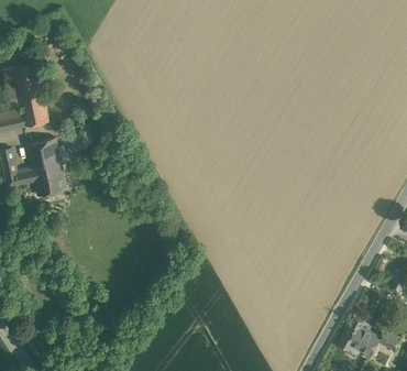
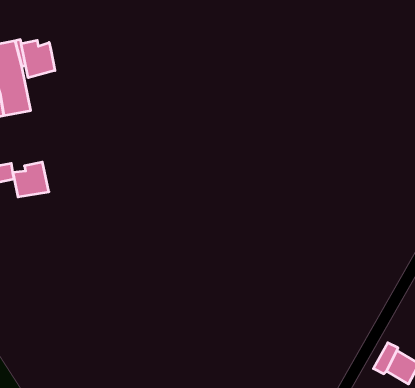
building: none -> [21,40,55,78]
building: [29,141,72,177] -> none

